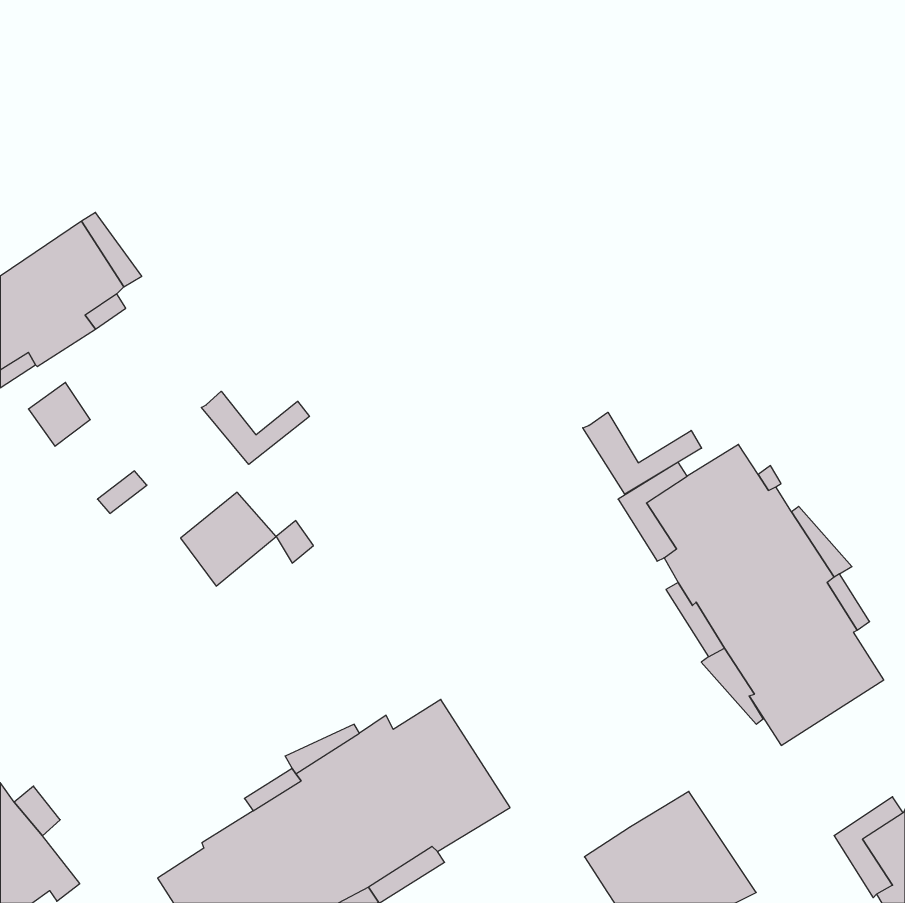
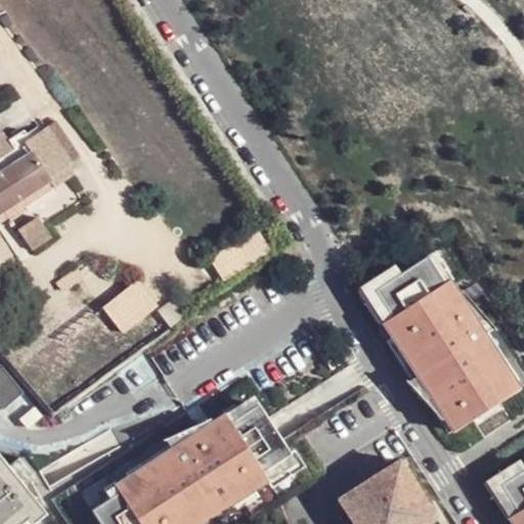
building: [201,391,309,464] -> none
building: [583,412,702,494] -> none

